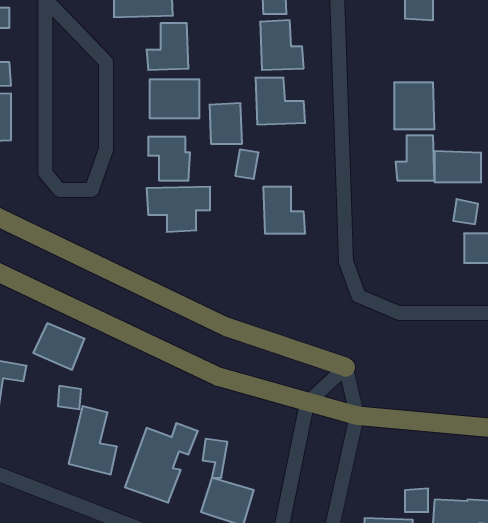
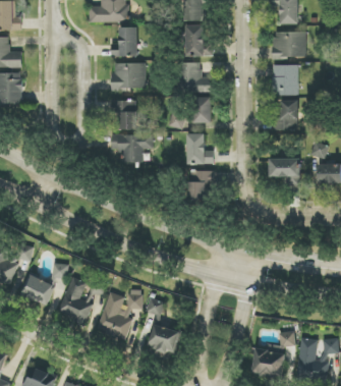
building: none -> [272,32,305,58]
building: [209,103,242,144] -> [190,97,212,123]
building: [435,151,481,182] -> [269,158,299,178]
building: none -> [187,170,214,200]
building: [33,323,85,370] -> [20,275,54,306]

